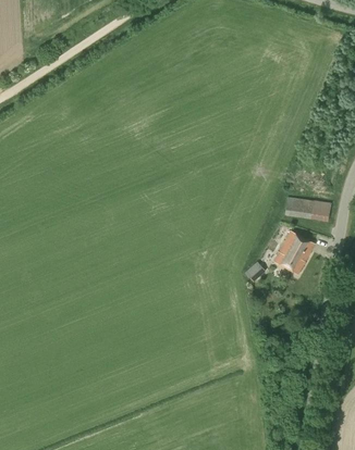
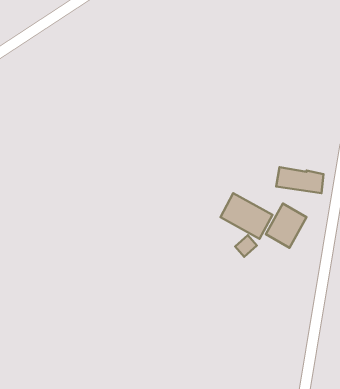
building: none -> [220,193,272,239]

